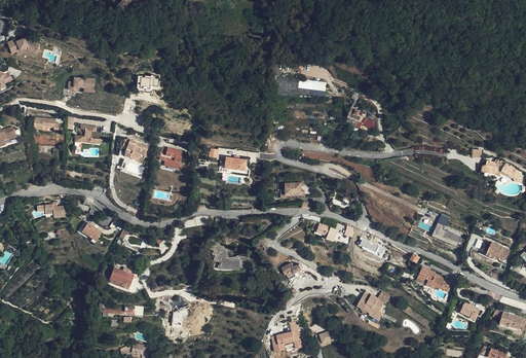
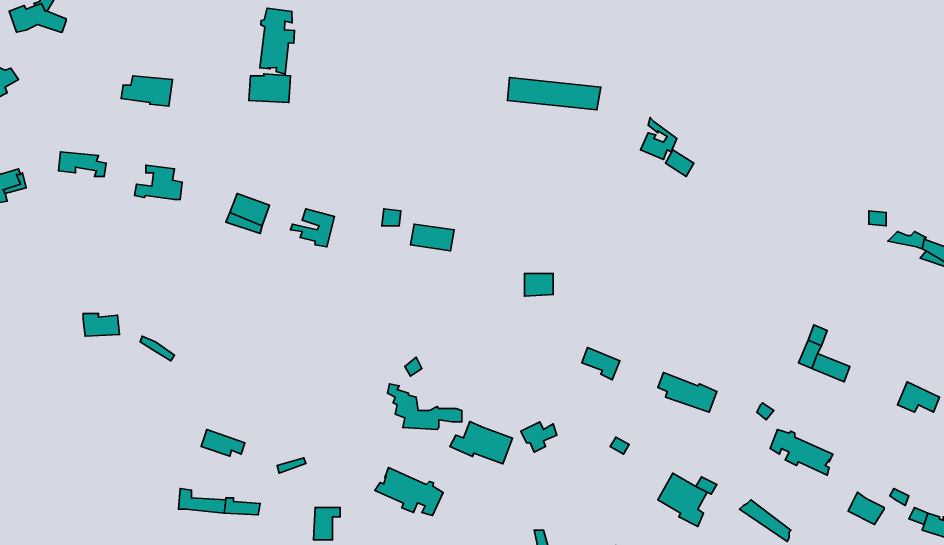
building: none -> [260,8,295,74]
building: none -> [450,421,512,464]
building: none -> [375,468,443,515]

